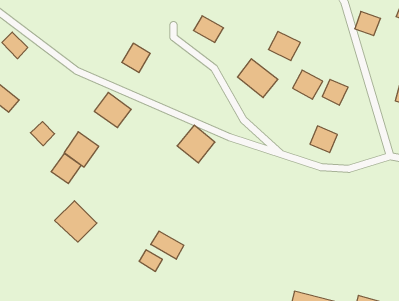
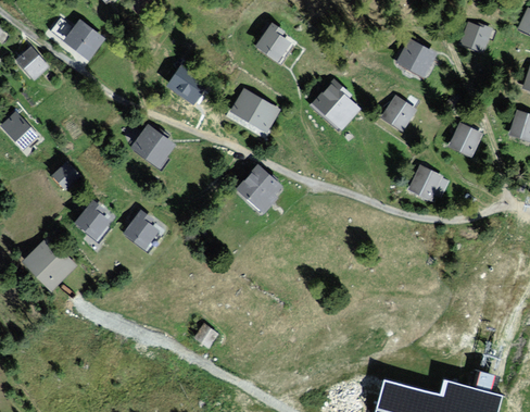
building: none -> [63,17,106,59]
building: [268,31,300,61] -> [398,39,438,76]
building: none -> [229,89,281,135]
building: [322,79,348,105] -> [450,124,482,157]
building: [64,132,99,167] -> [124,210,167,254]
building: [55,201,97,242] -> [22,237,75,289]
building: [151,231,184,259] -> none

